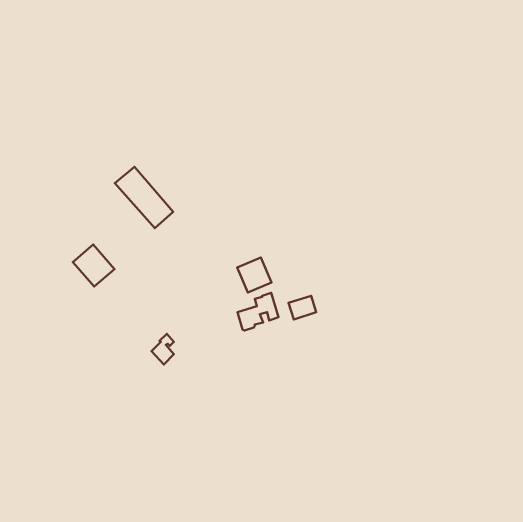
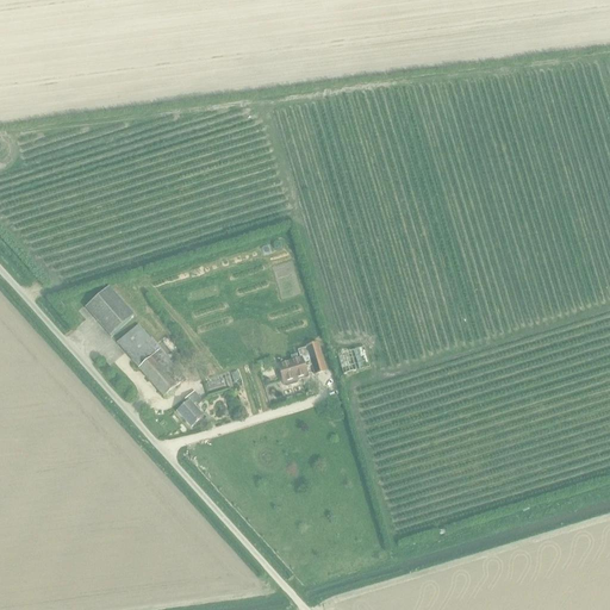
building: [115,167,173,228] -> [116,323,183,394]
building: [237,258,272,292] -> none

